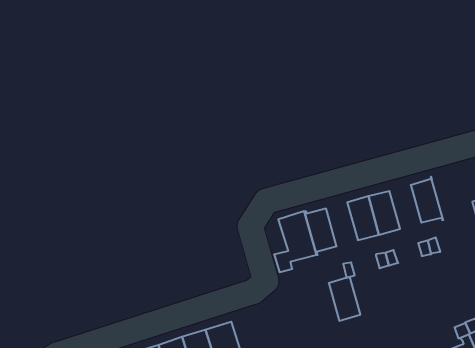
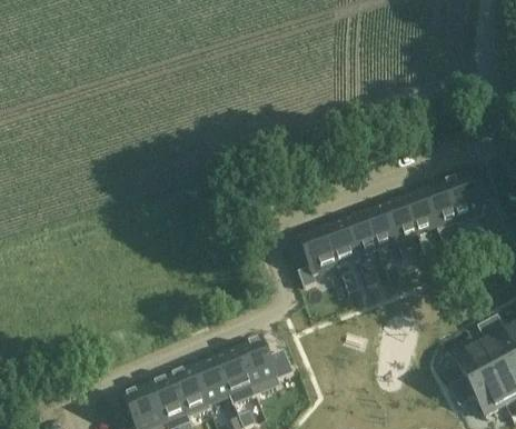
building: none -> [444,172,485,222]
building: none -> [405,191,438,235]
building: [329,277,360,321] -> [345,213,378,257]

